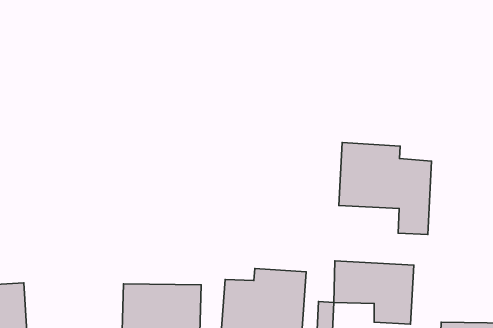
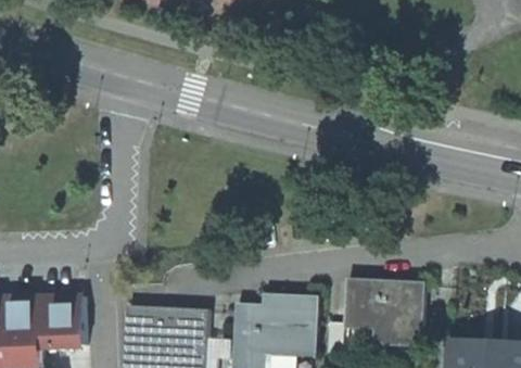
building: [339,142,432,235] -> none
building: none -> [38,292,87,346]

